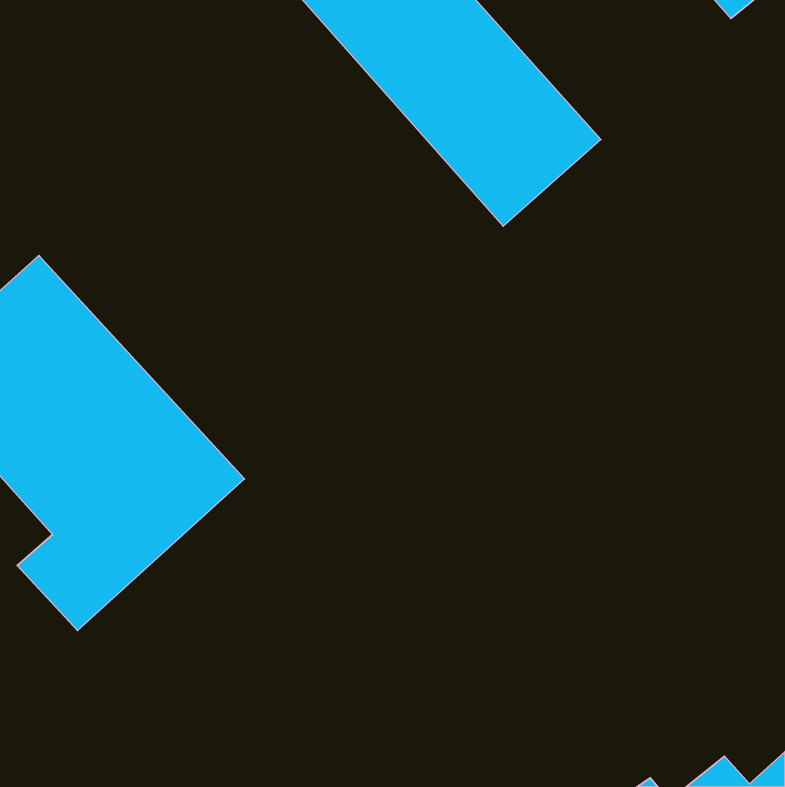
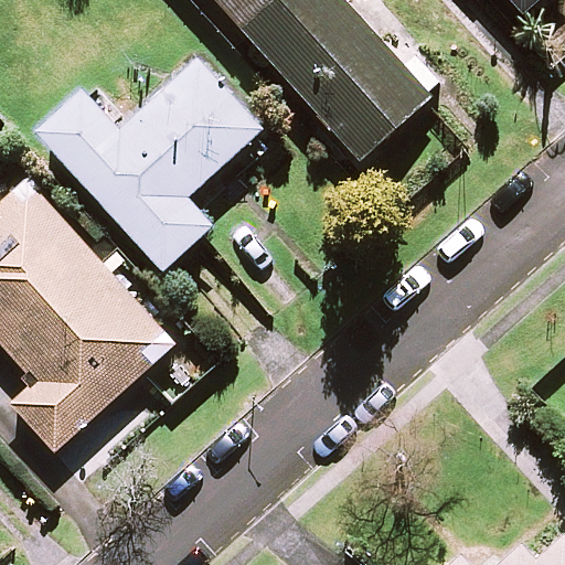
building: none -> [39,58,260,269]

